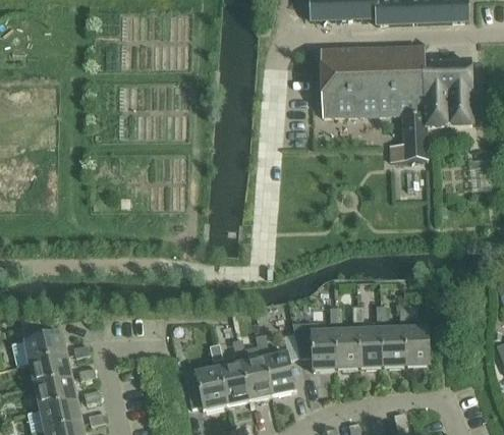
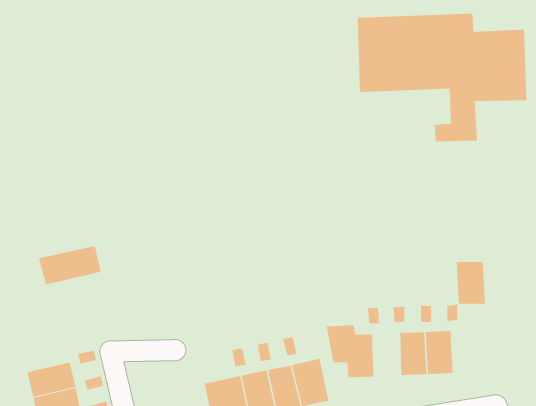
building: [404,327,431,365] -> [456,262,486,304]
building: [335,329,359,368] -> none
building: [11,331,67,366] -> [38,245,101,285]

